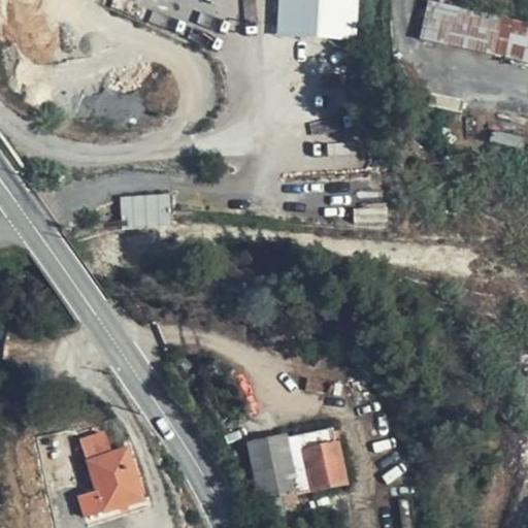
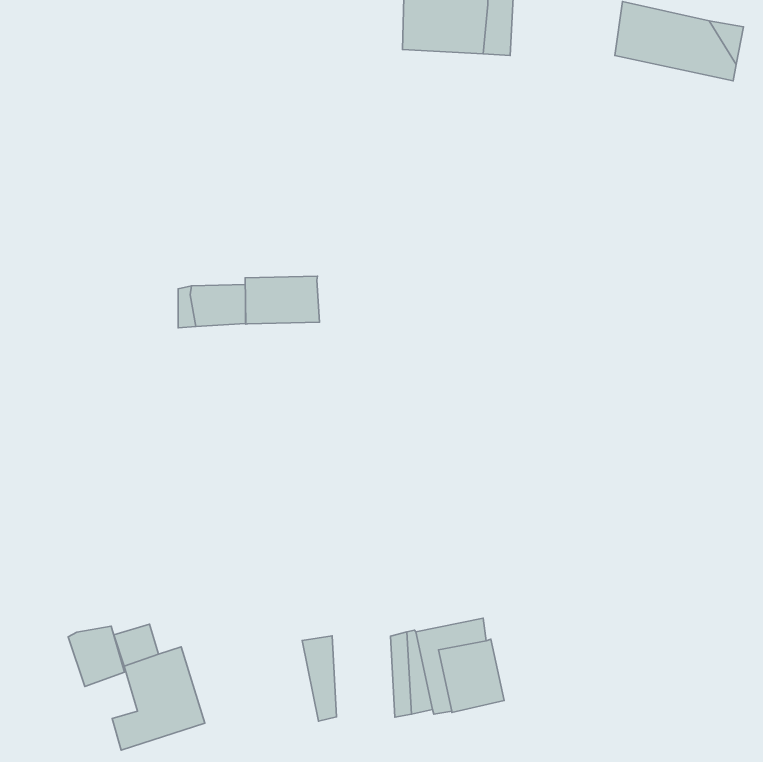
building: none -> [245,276,320,324]
building: none -> [68,626,125,687]
building: [249,438,272,497] -> [302,636,337,721]

